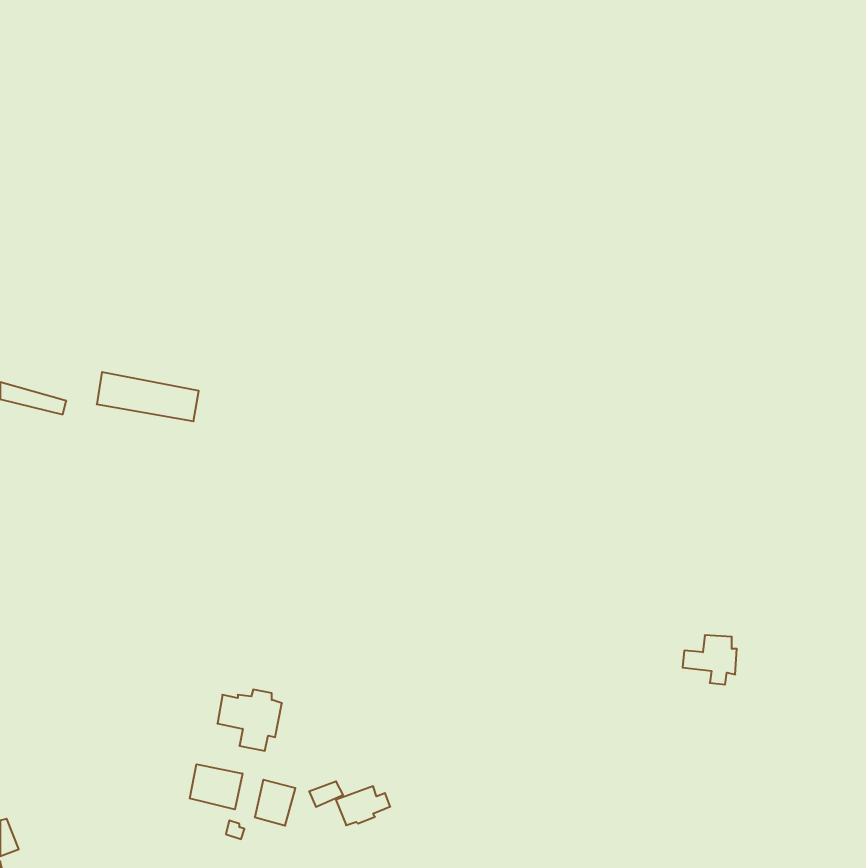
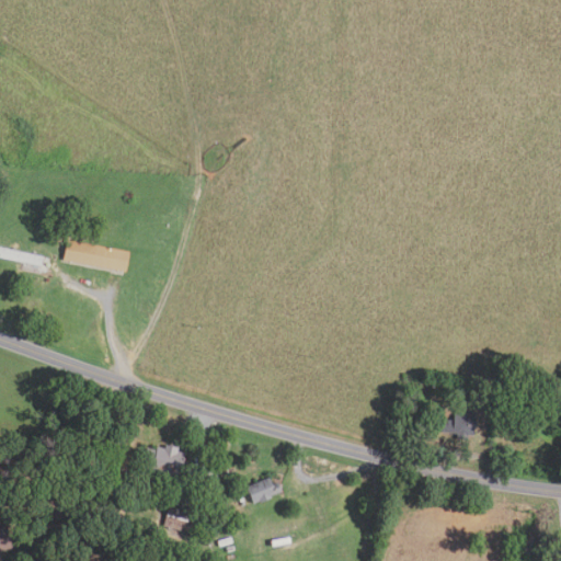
building: [190,764,242,809] -> none
building: [336,786,390,825] -> [247,479,282,504]

